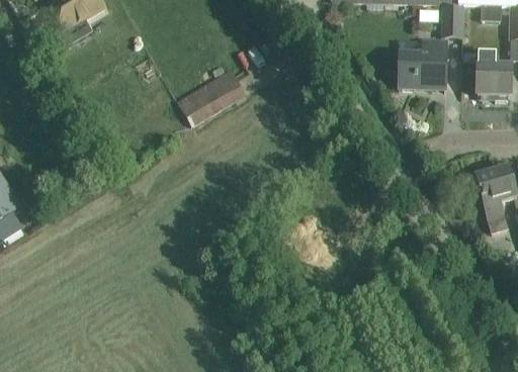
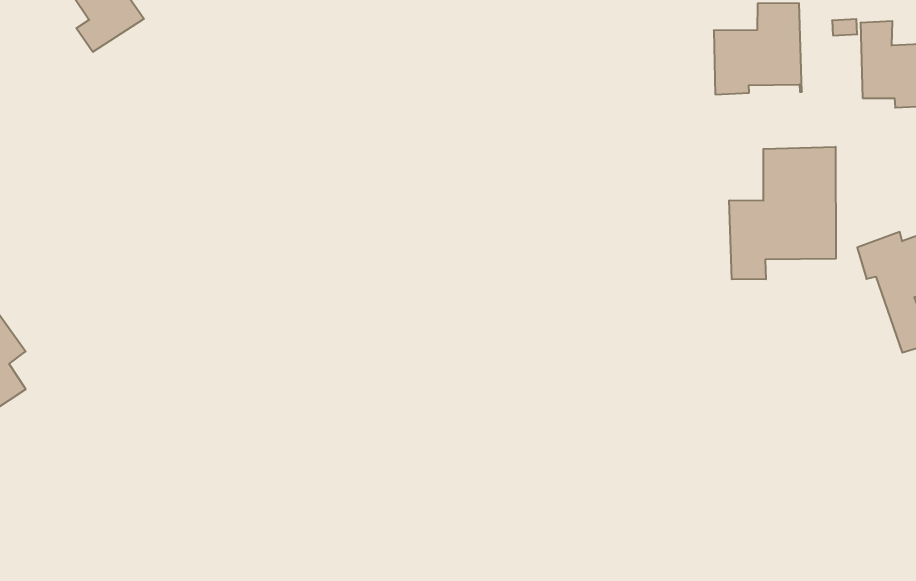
building: [176,69,245,125] -> none
building: none -> [729,147,836,279]

